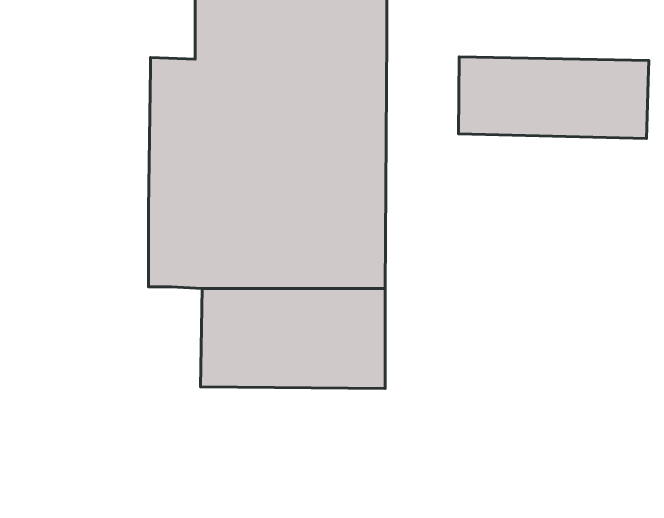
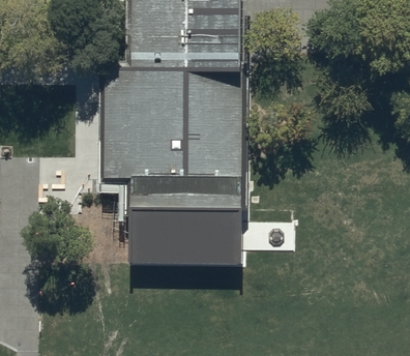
building: [459,57,649,139] -> none

